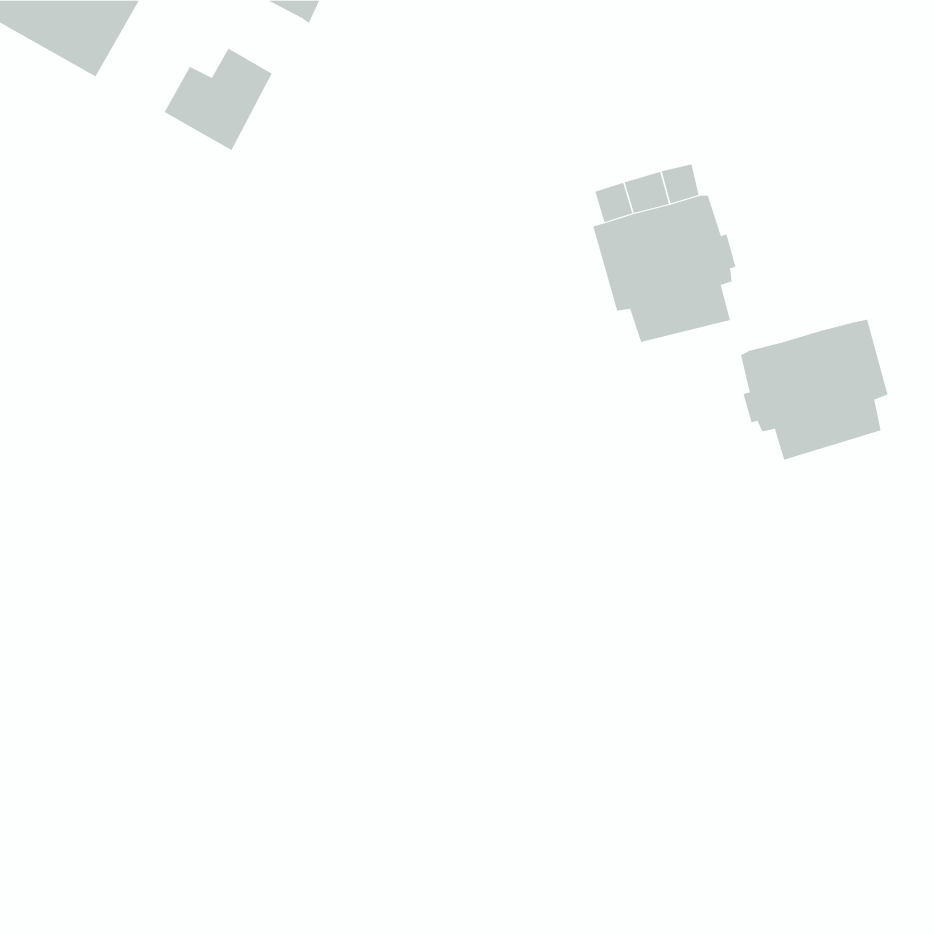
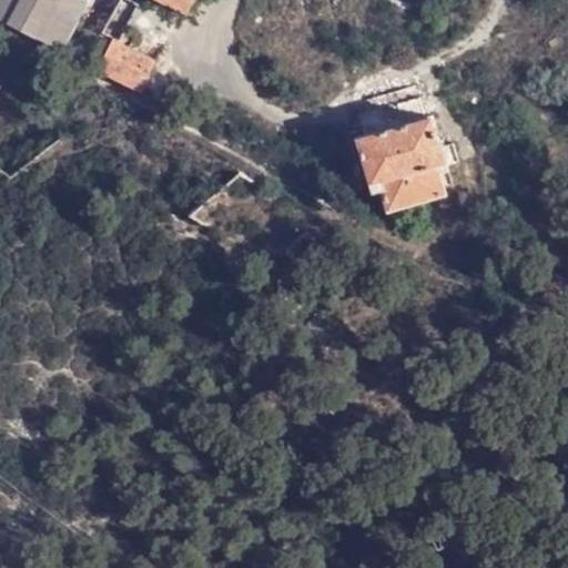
building: [741,319,888,461] -> none

